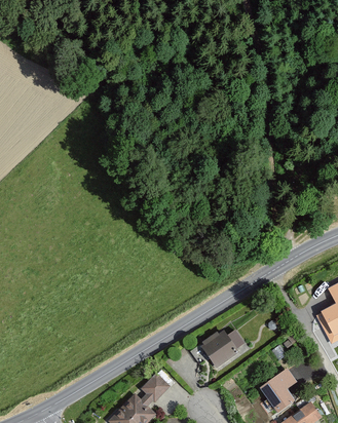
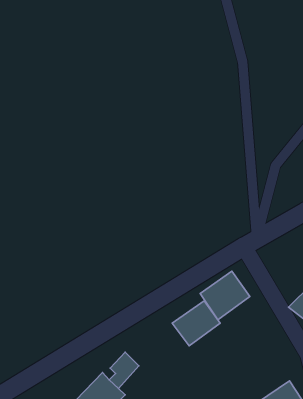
building: none -> [200,271,250,320]
building: [261,373,302,412] -> none

